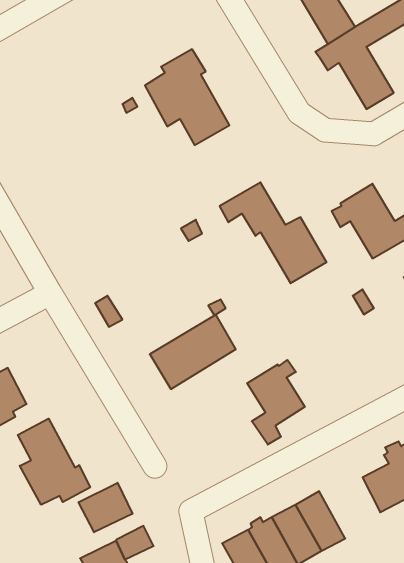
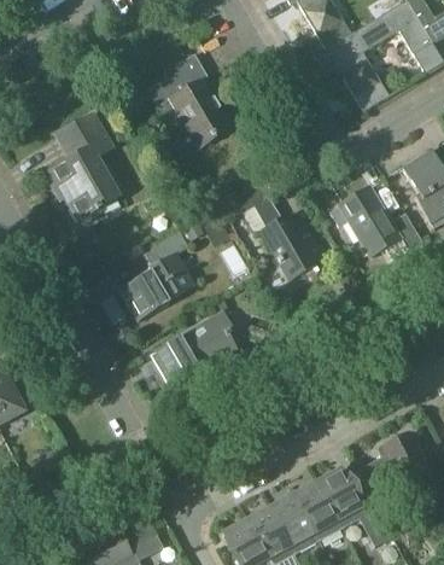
building: none -> [46,111,119,219]
building: none -> [118,229,194,320]
building: [247,360,305,445] -> none
building: [18,419,90,505] -> none
building: none -> [317,468,363,528]
building: [79,483,132,532] -> none

